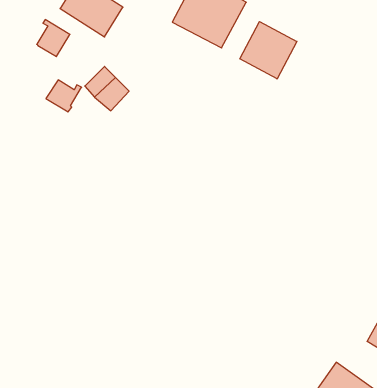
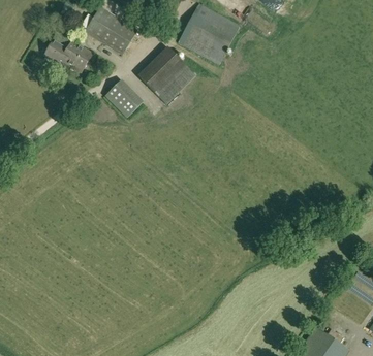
building: [240,22,297,79] -> none
building: none -> [137,45,195,103]
building: [46,80,82,112] -> [43,39,73,66]

